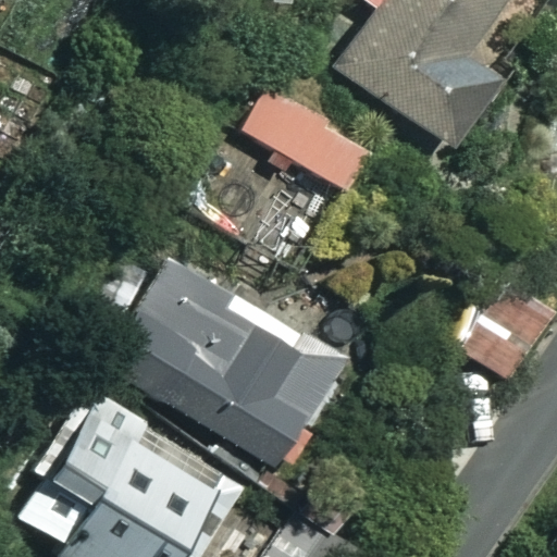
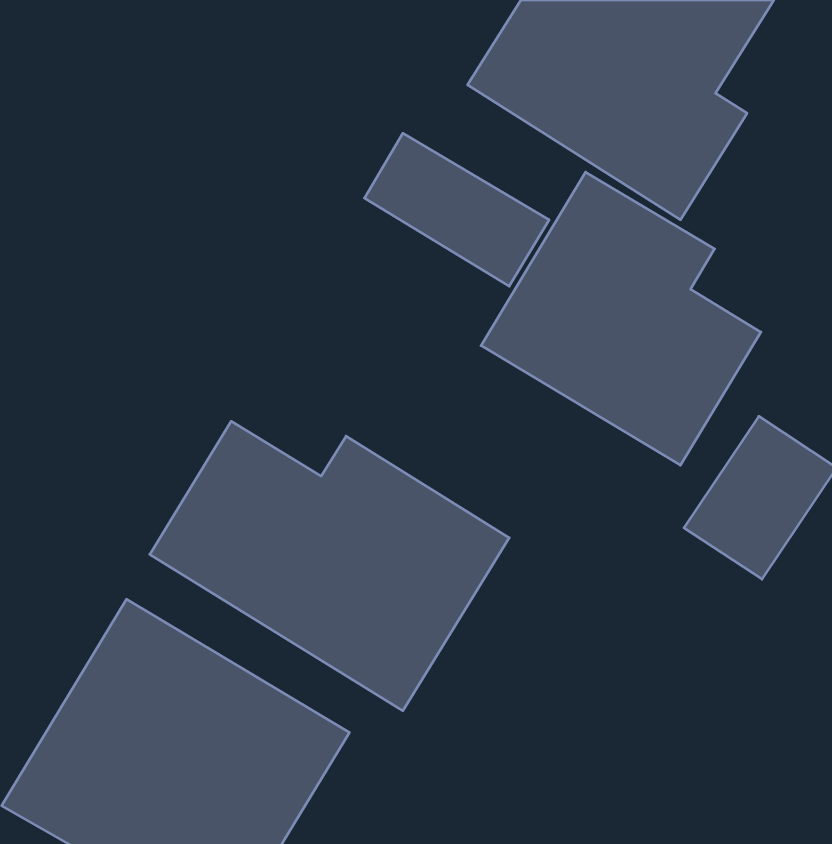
building: none -> [481,172,761,465]

